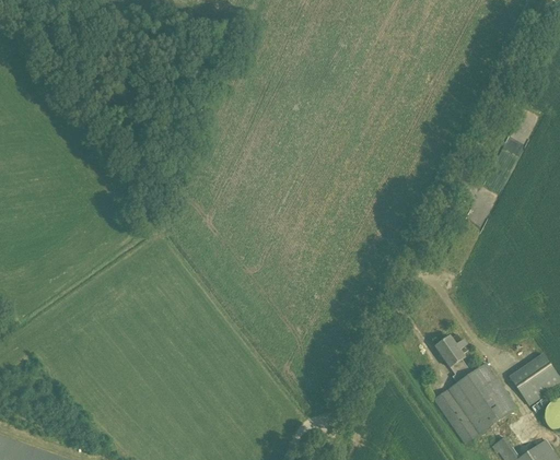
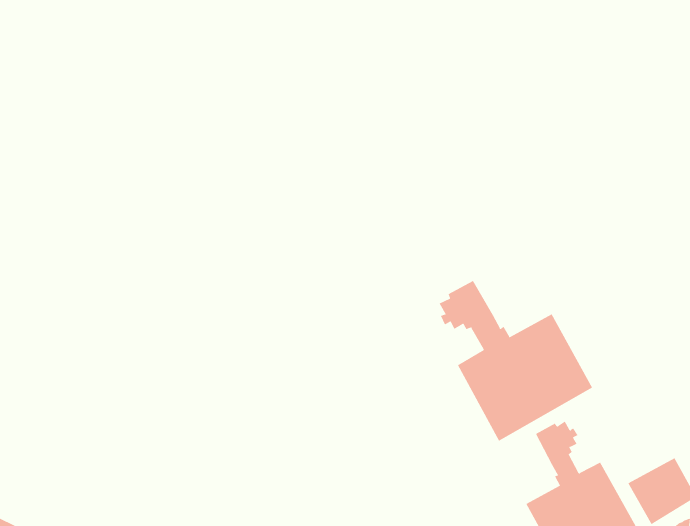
building: none -> [439,280,593,441]

